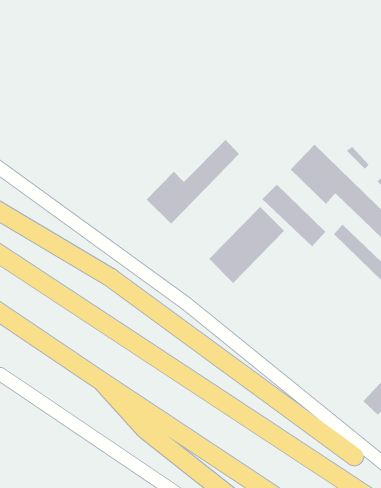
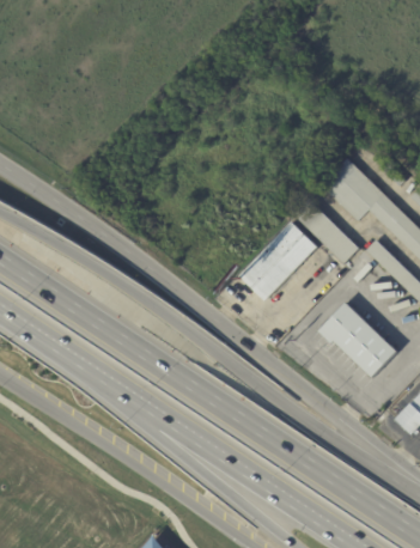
building: [146,139,240,225] -> none
building: none -> [318,303,396,378]

